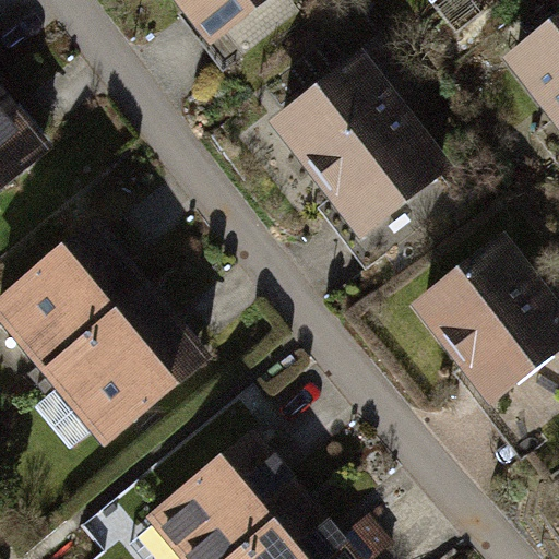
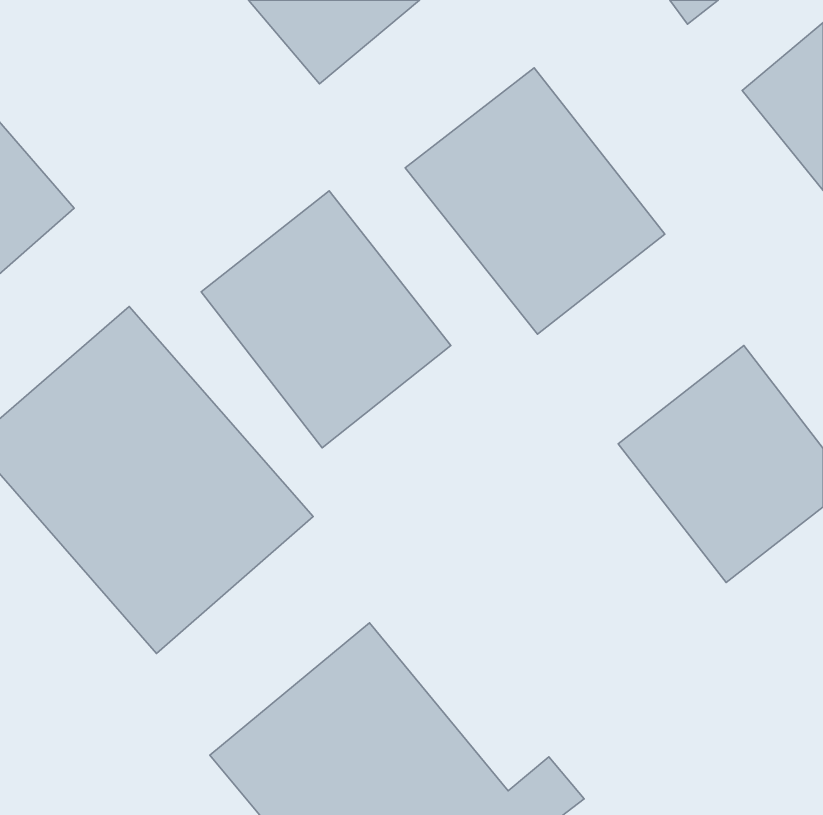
building: none -> [201,191,451,448]

